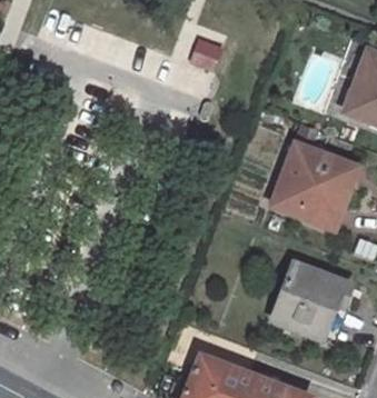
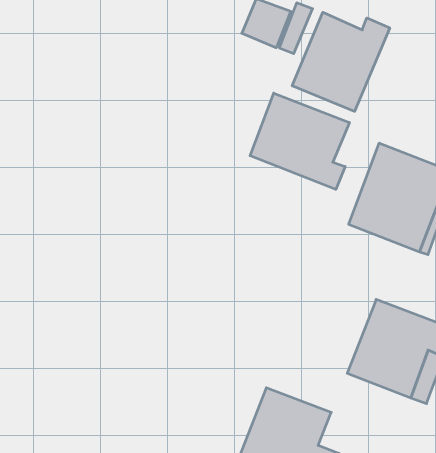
building: none -> [292,12,390,111]
building: none -> [250,93,349,189]

